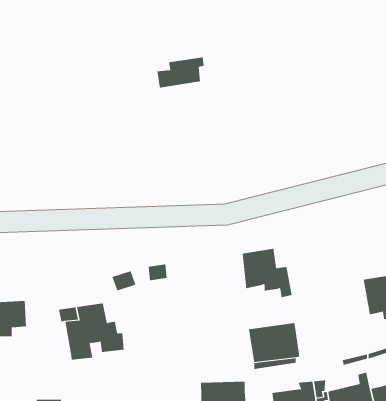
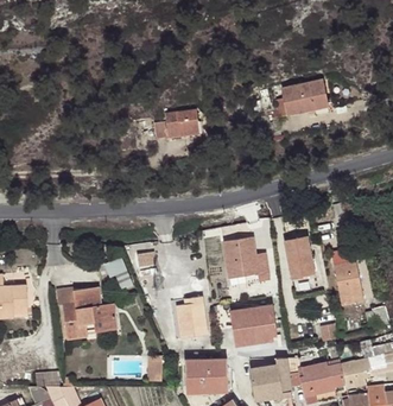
building: [156,57,205,88] -> [154,109,198,138]
building: none -> [275,80,328,116]
building: none -> [284,236,315,278]
building: none -> [176,296,207,338]

